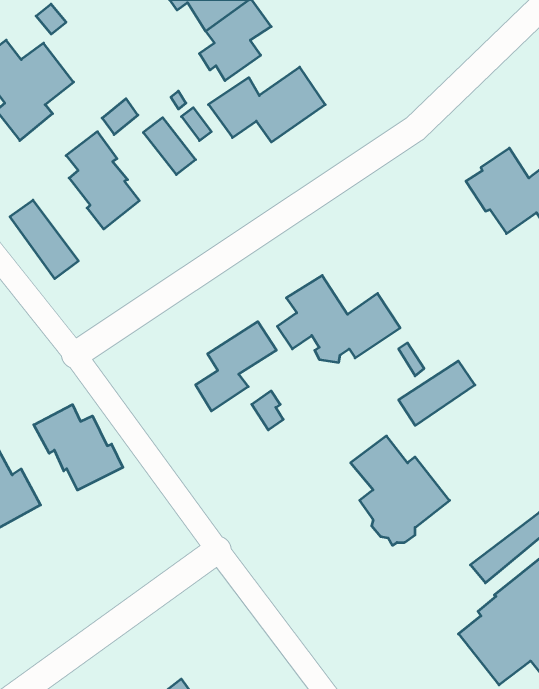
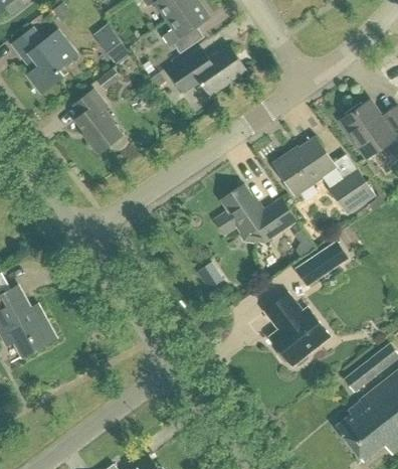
building: [143,118,196,175] -> [91,23,127,61]
building: [10,200,78,279] -> none
building: none -> [272,137,374,210]
building: [196,322,276,411] -> none
building: [34,405,123,490] -> none

